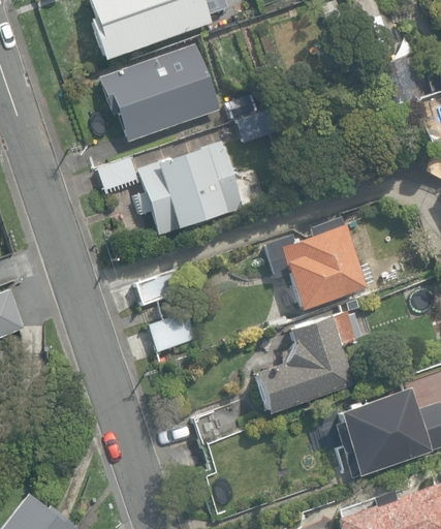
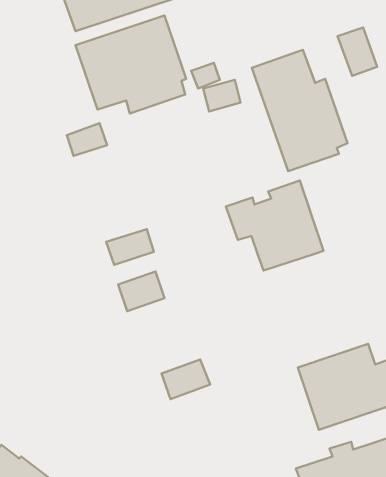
building: none -> [252,50,348,171]
building: [137,141,244,236] -> none
building: [253,310,355,416] -> none

